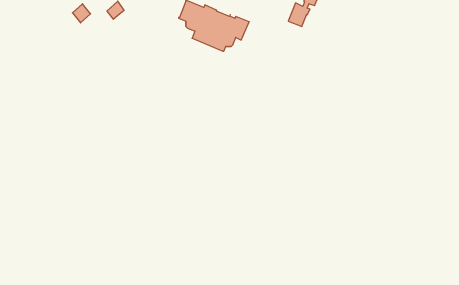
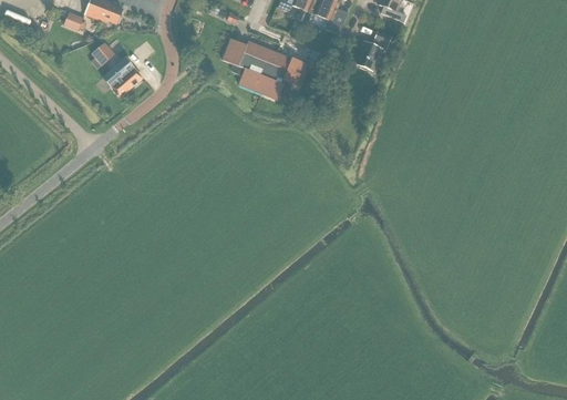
building: none -> [102,58,142,98]

